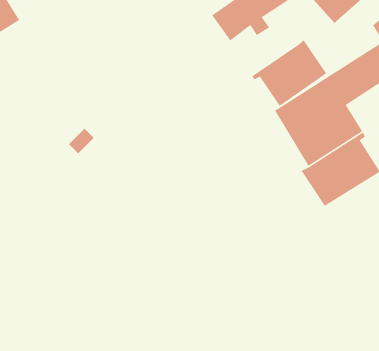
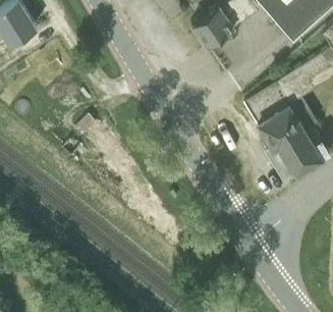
building: [251,39,327,107] -> none

